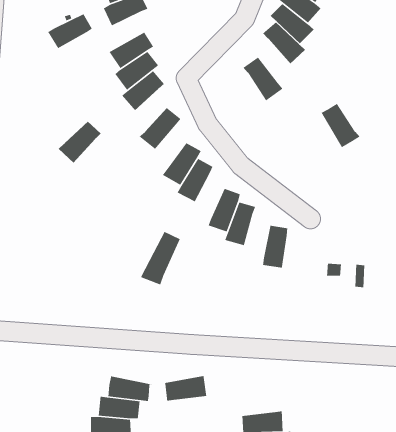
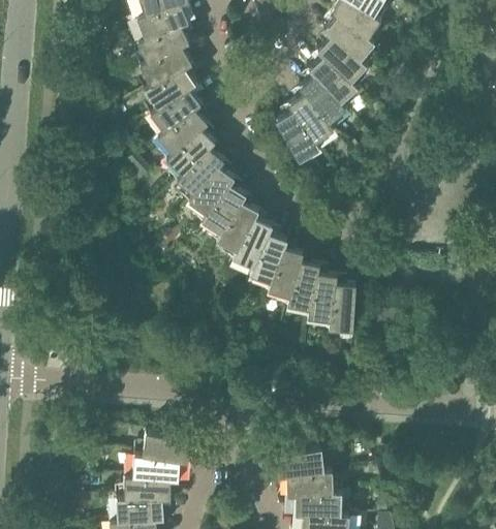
building: [47,13,93,49] -> [142,49,190,87]
building: none -> [300,77,344,124]
building: [321,103,360,155] -> [276,114,318,169]
building: [58,121,102,164] -> [167,130,214,176]
building: none -> [190,168,234,215]
building: none -> [288,263,319,310]
building: [140,231,181,285] -> [228,220,272,278]
building: none -> [330,286,355,339]
building: [157,375,207,401] -> [269,450,322,478]

